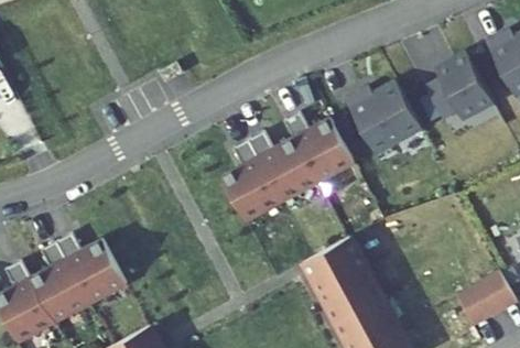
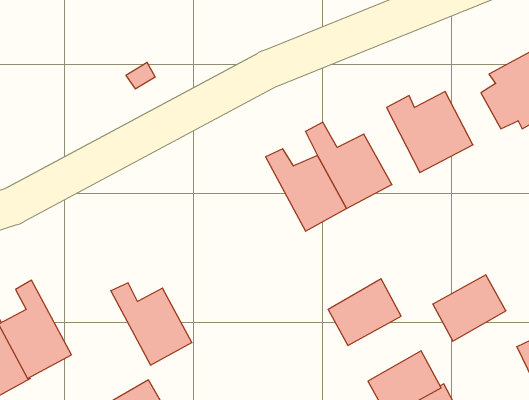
building: [231,138,291,219] -> none
building: [67,235,134,303] -> [111,283,192,365]
building: [327,270,388,325] -> [433,275,506,341]

